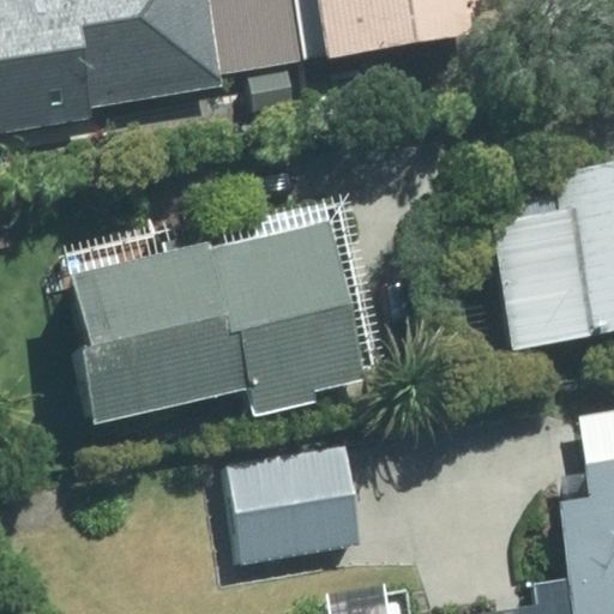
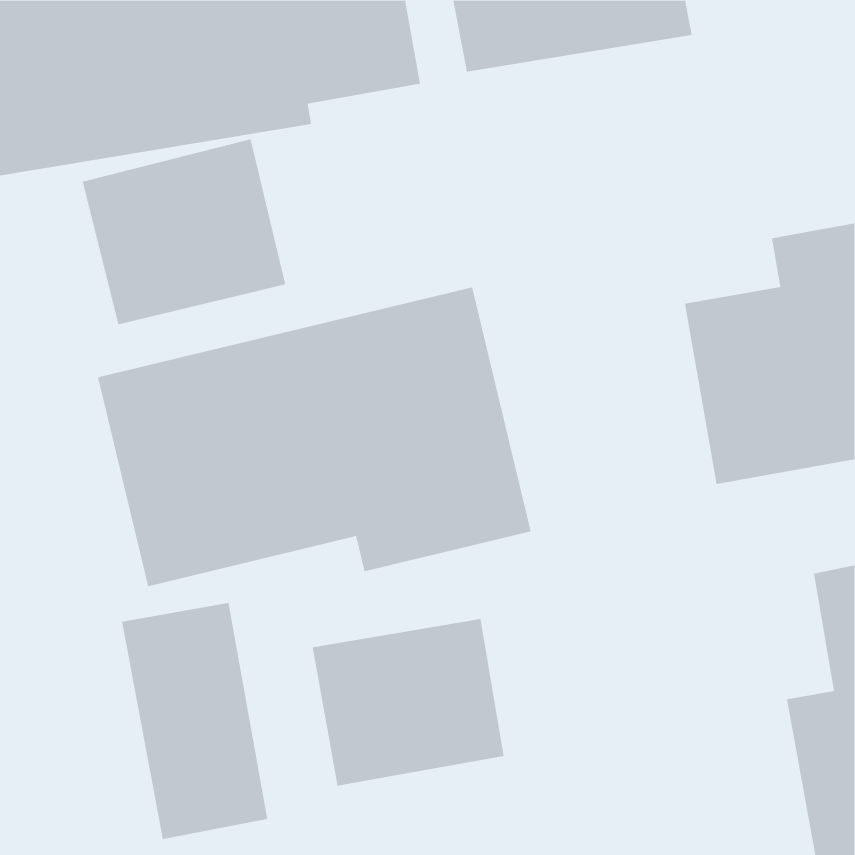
building: none -> [82,139,286,325]
building: none -> [122,602,268,840]

